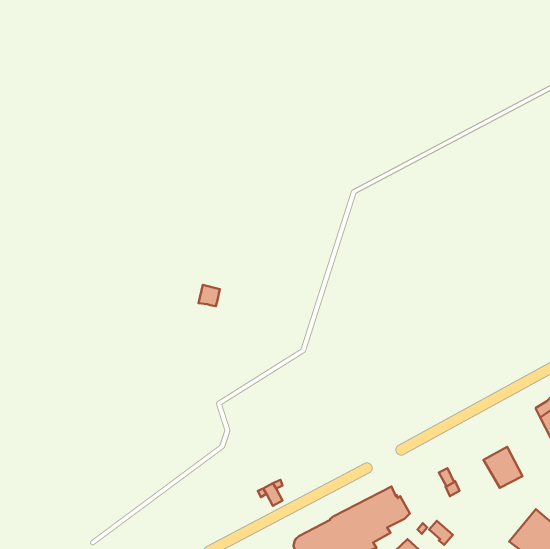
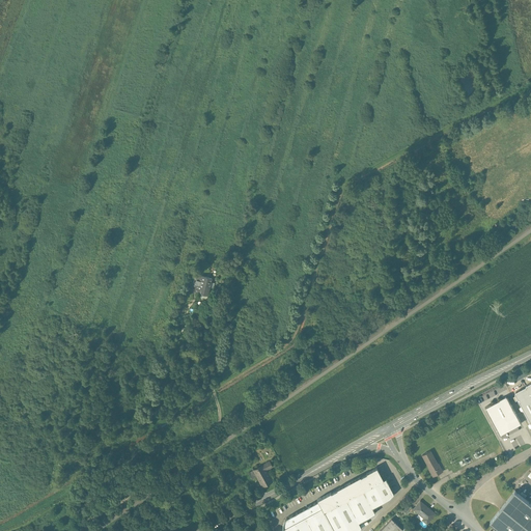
building: [484,447,522,488] -> [485,397,523,437]

